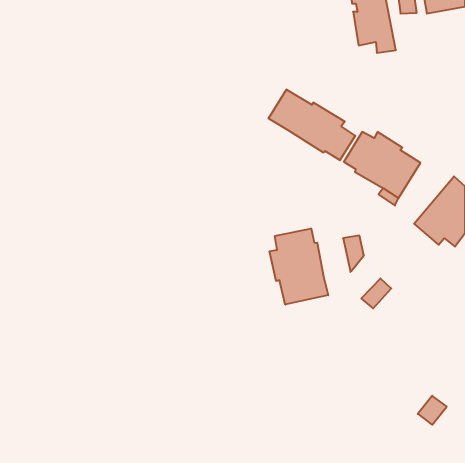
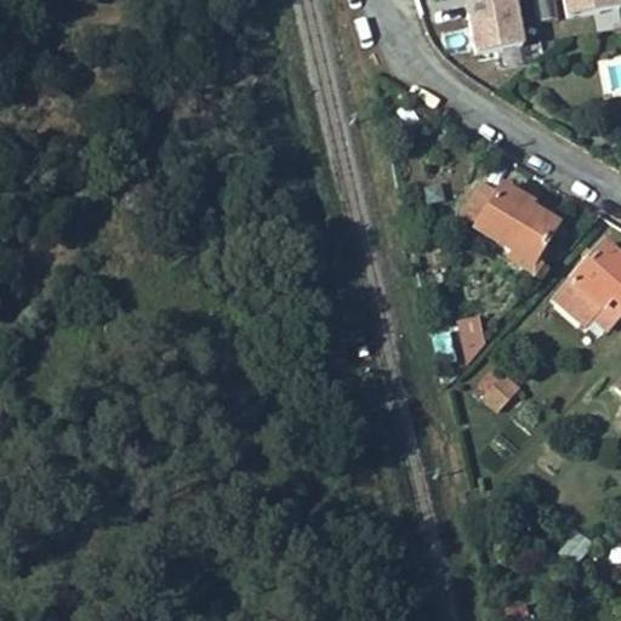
building: [269,89,355,160] -> none
building: [269,228,328,305] -> none

